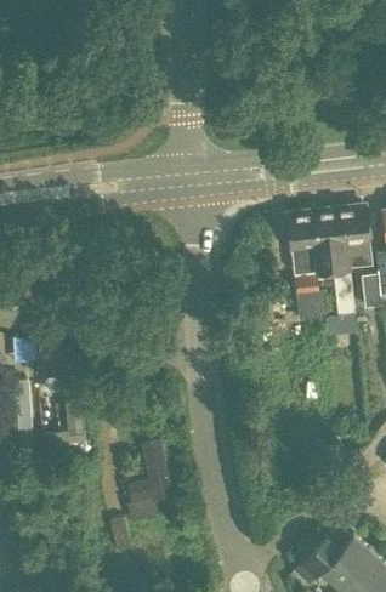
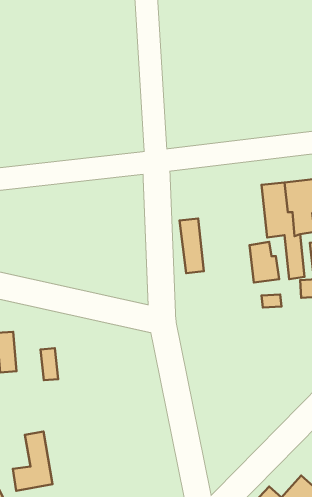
building: [289,215,316,275] -> [180,218,204,273]
building: [127,439,171,505] -> [13,431,52,491]

